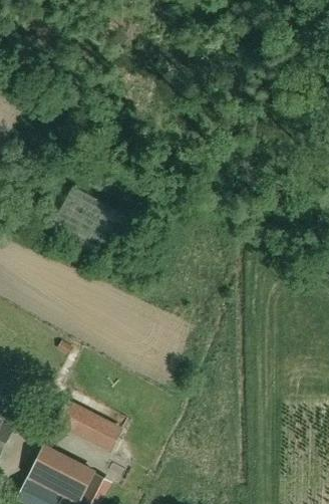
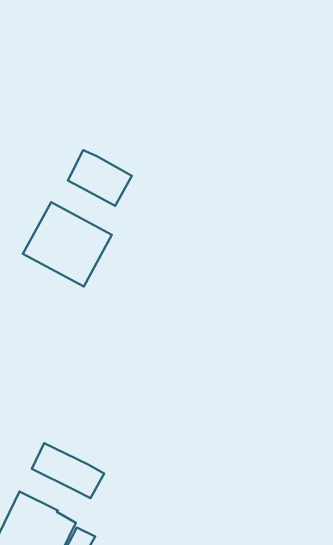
building: none -> [68,150,132,206]

